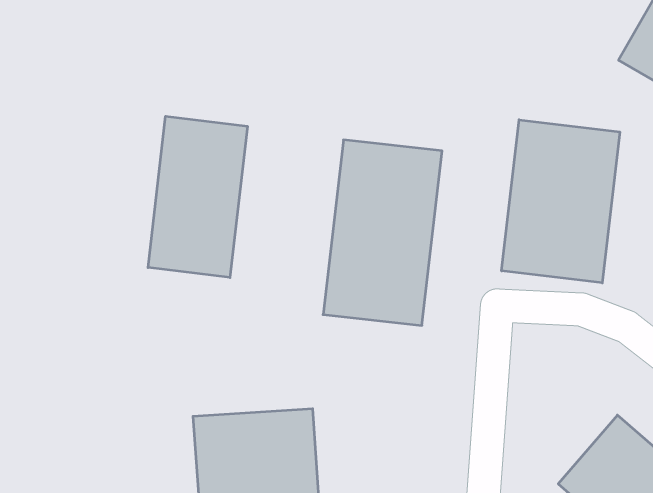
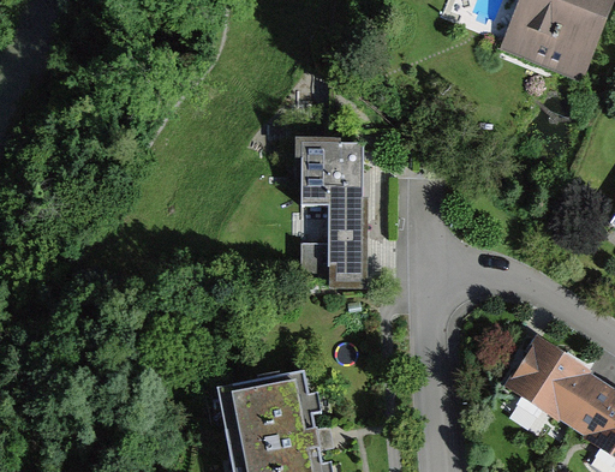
building: [148,116,247,278] -> none
building: [502,120,620,283] -> none

